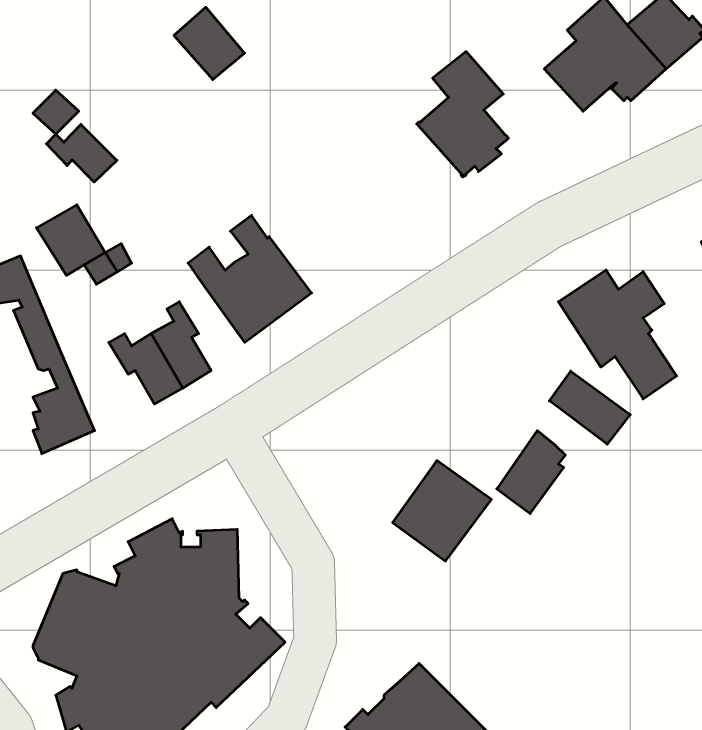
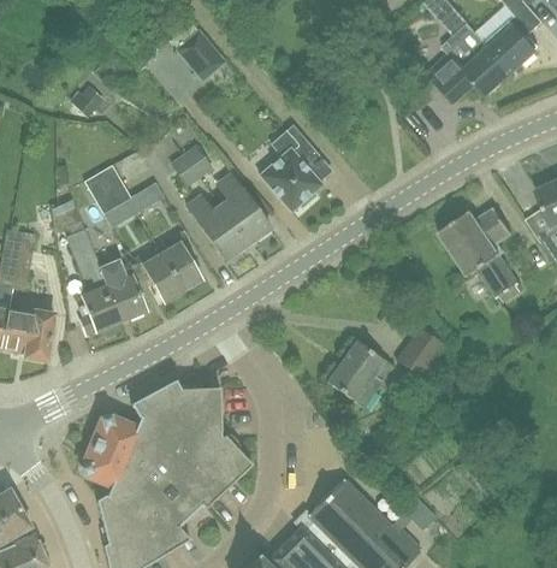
building: [417,52,508,177] -> [260,125,322,211]
building: [46,124,117,182] -> none
building: none -> [172,147,215,190]
building: none -> [101,261,147,319]
building: [549,371,630,444] -> none

